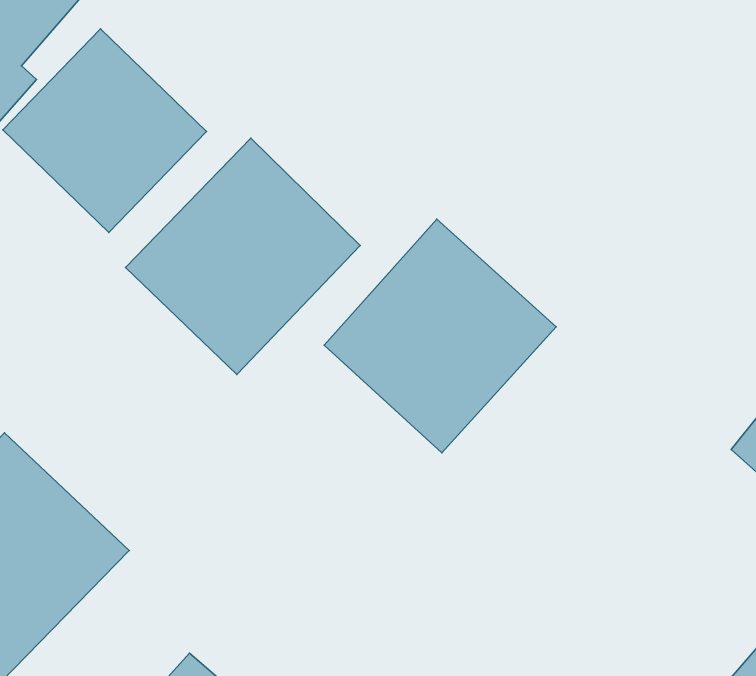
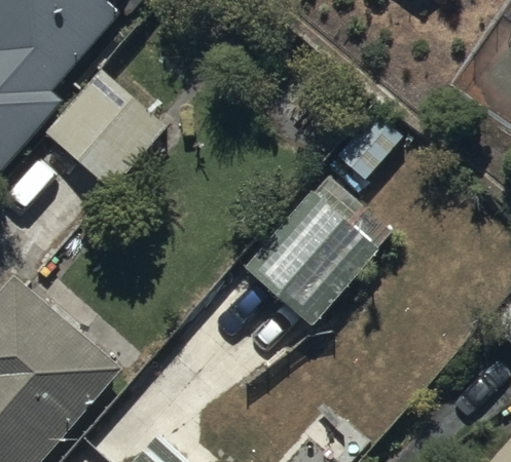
building: [125,138,360,375] -> none

